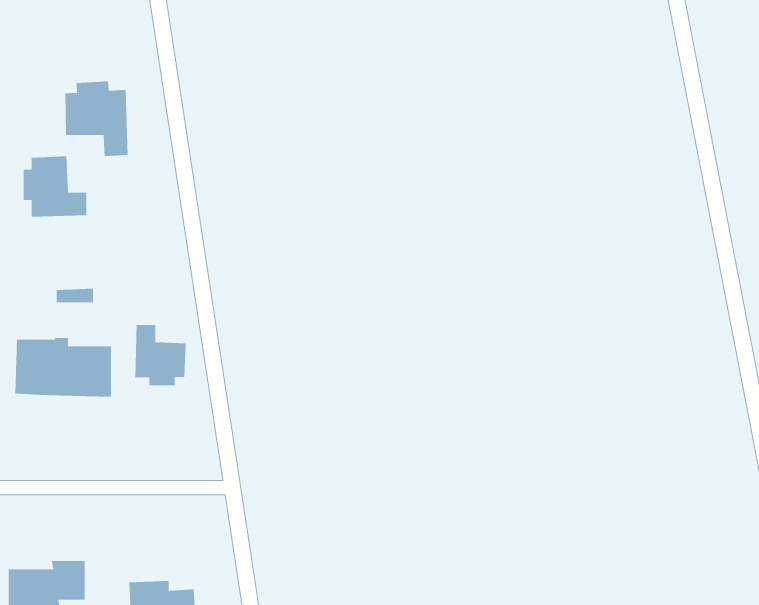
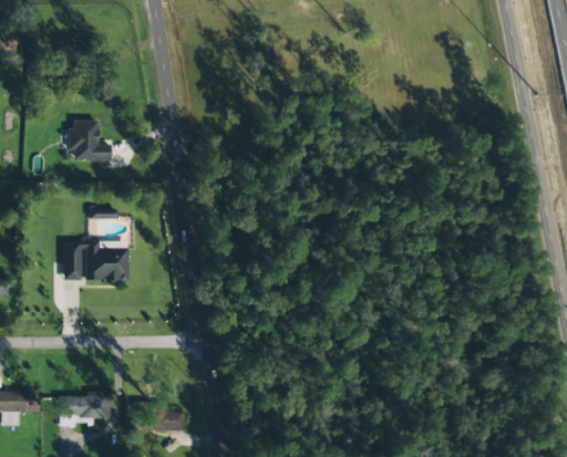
building: [65,80,128,157] -> none
building: [135,324,186,386] -> none

